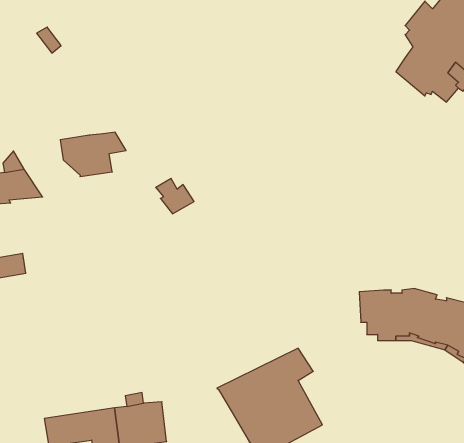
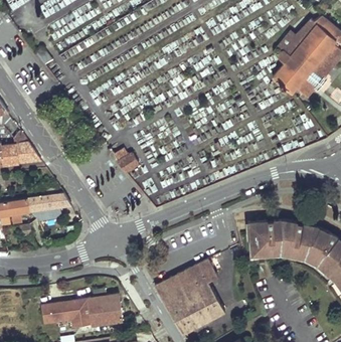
building: [60,132,126,177] -> [27,192,70,221]

